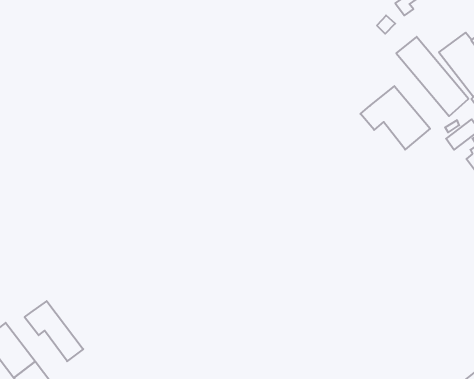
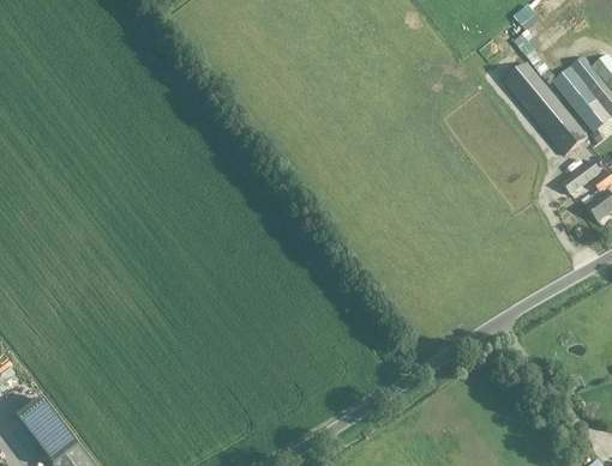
building: [360,86,430,150] -> none
building: [25,301,83,361] -> none

